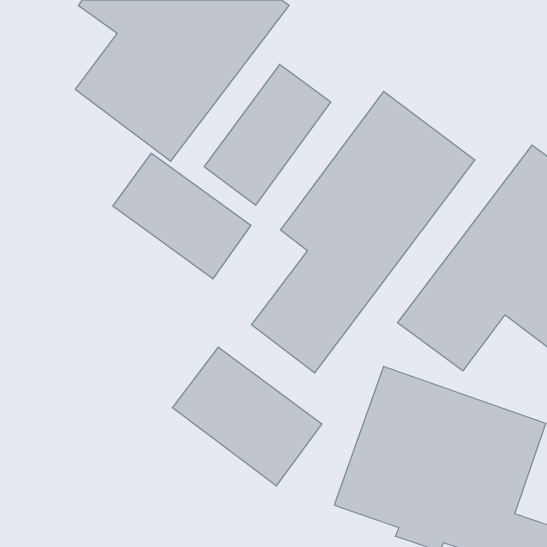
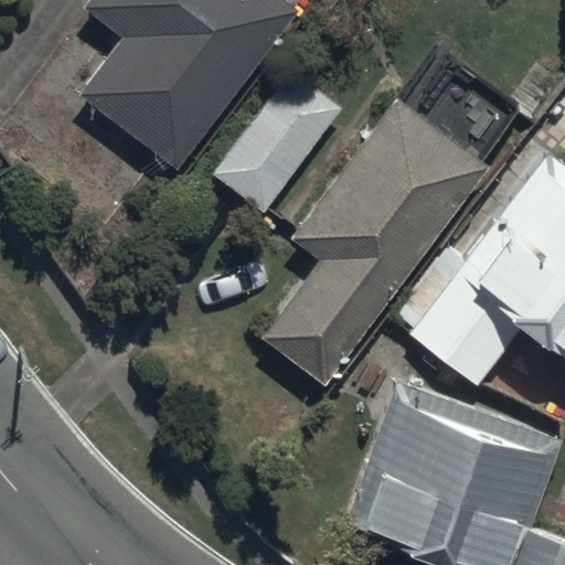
building: [113,153,251,279] -> none
building: [173,347,322,486] -> none

